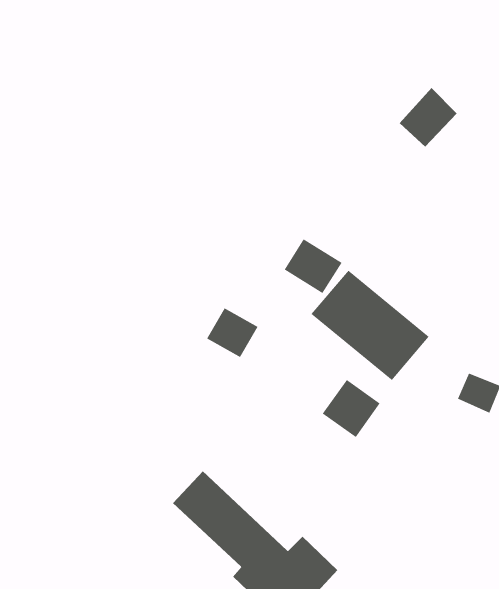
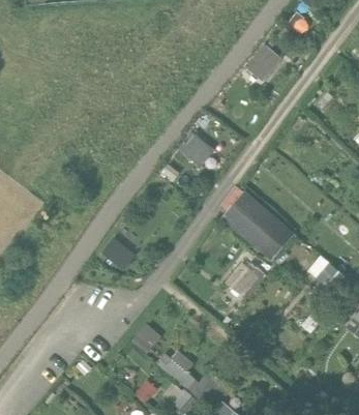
building: [399,87,458,148] -> [246,43,283,82]
building: [284,238,342,294] -> [179,130,216,166]
building: [206,307,258,358] -> [103,237,137,269]

